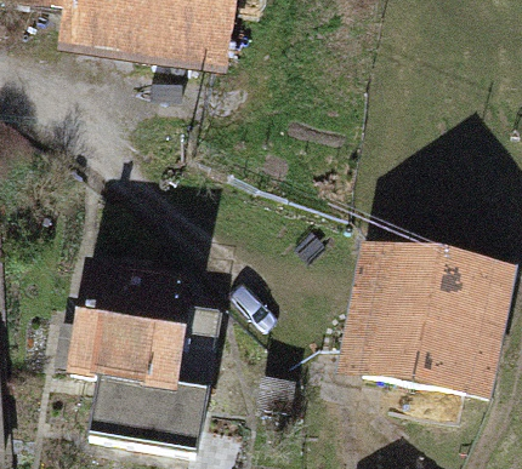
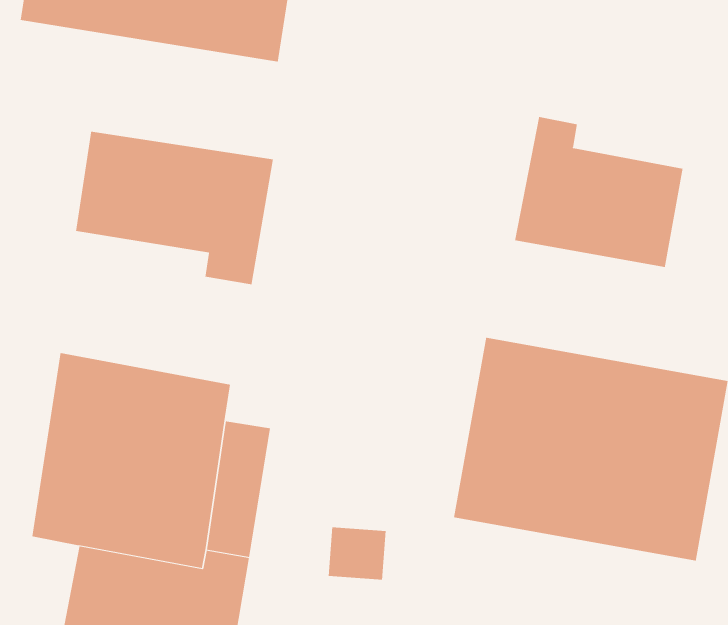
building: none -> [515,116,683,268]
building: none -> [75,131,274,285]

